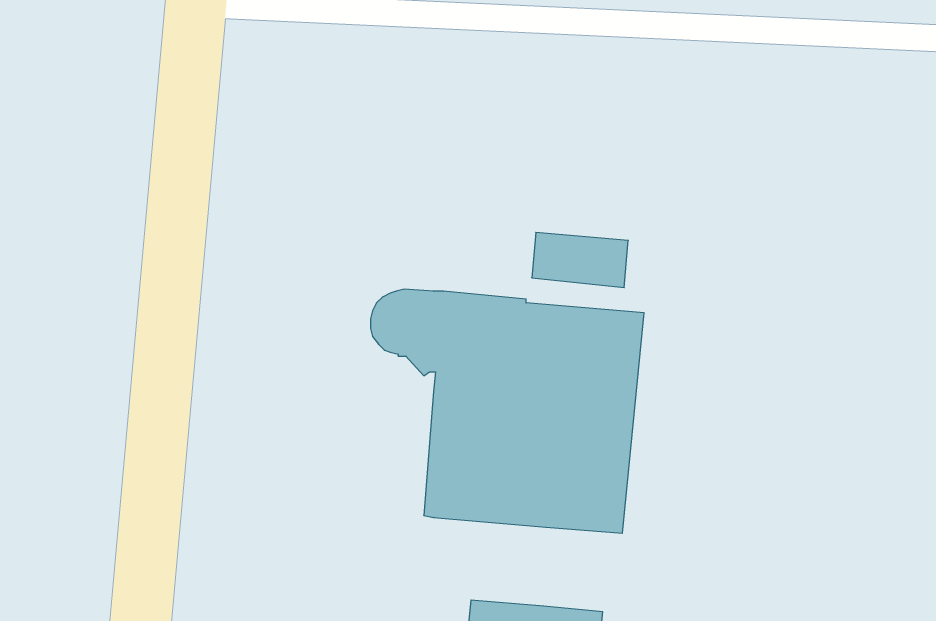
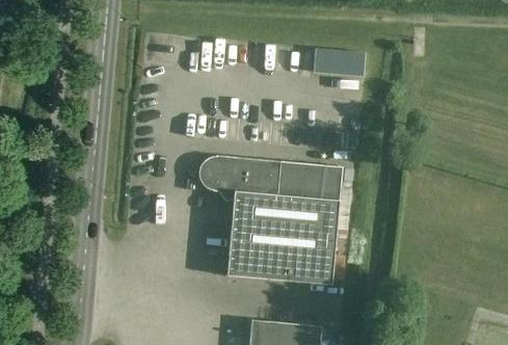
building: [532,232,628,288] -> [314,49,365,78]

